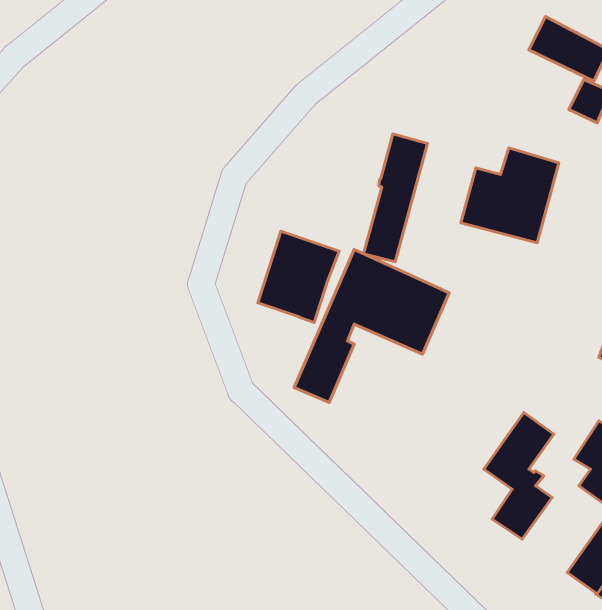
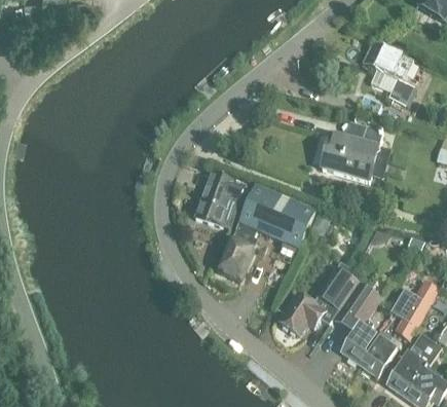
building: [364,134,427,262] -> none
building: none -> [280,261,356,333]
building: none -> [359,332,399,375]

